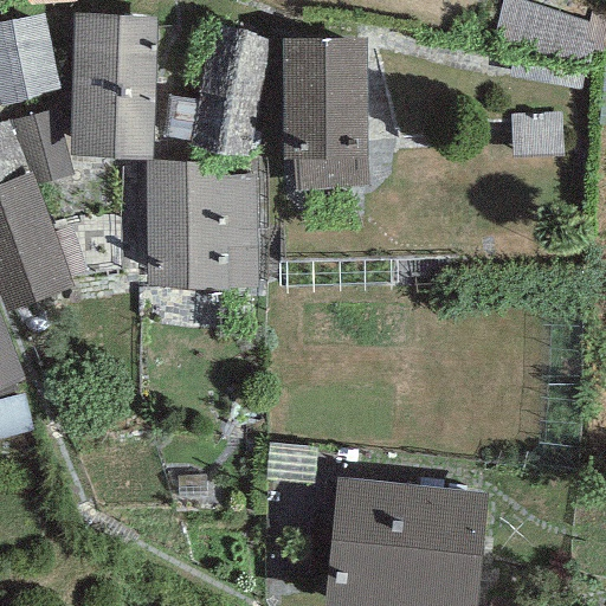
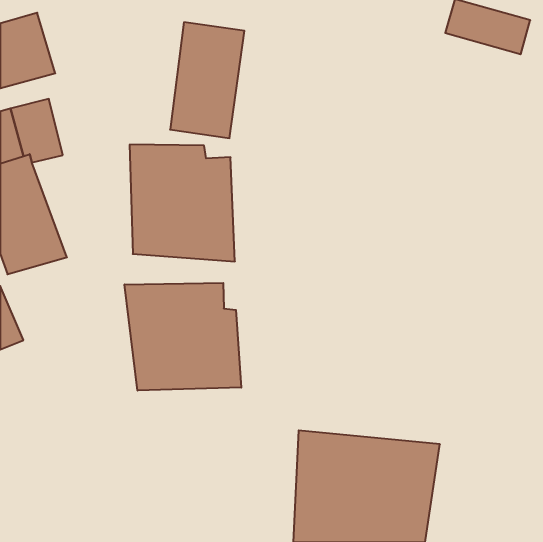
building: [71,15,153,155] -> none
building: [282,39,369,192] -> none
building: none -> [125,283,241,391]

